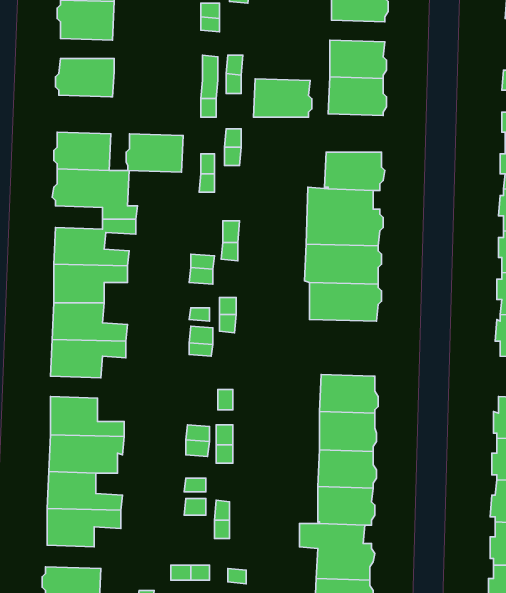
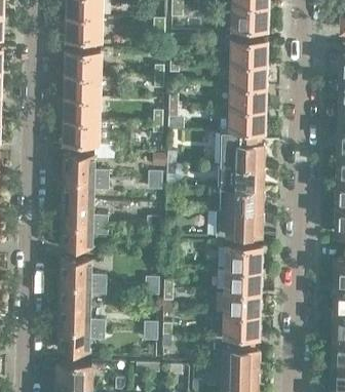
building: [253,79,312,117] -> [231,87,267,111]
building: [126,134,183,172] -> [65,76,100,100]
building: none -> [217,213,264,237]

